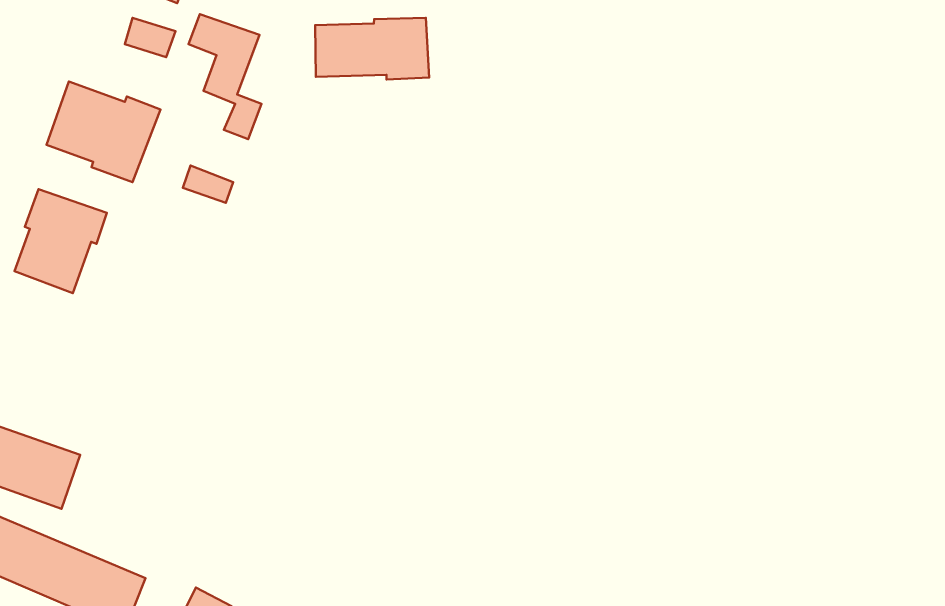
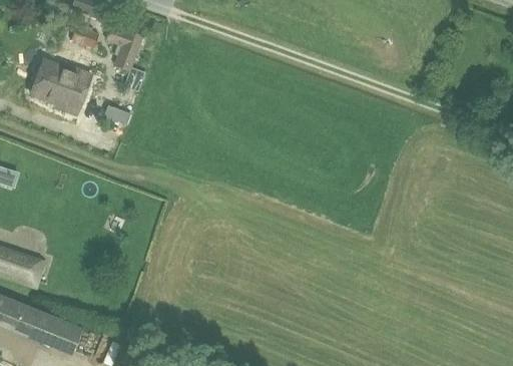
building: [315,18,429,79] -> none
building: [14,189,107,293] -> none

